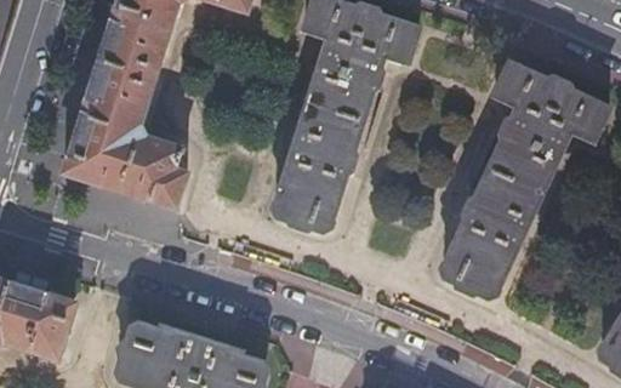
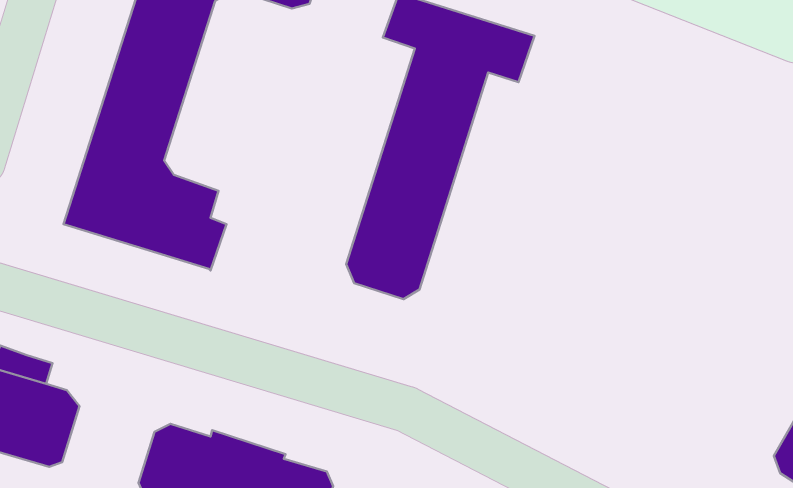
building: [444,63,610,296] -> none

